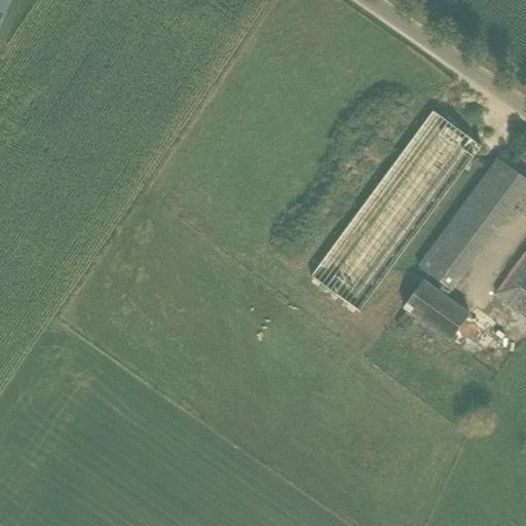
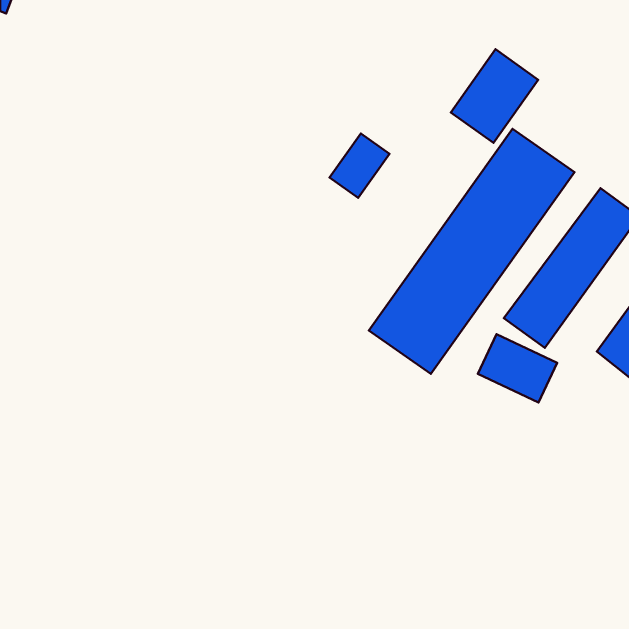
building: none -> [451,49,538,143]
building: none -> [329,133,390,198]

